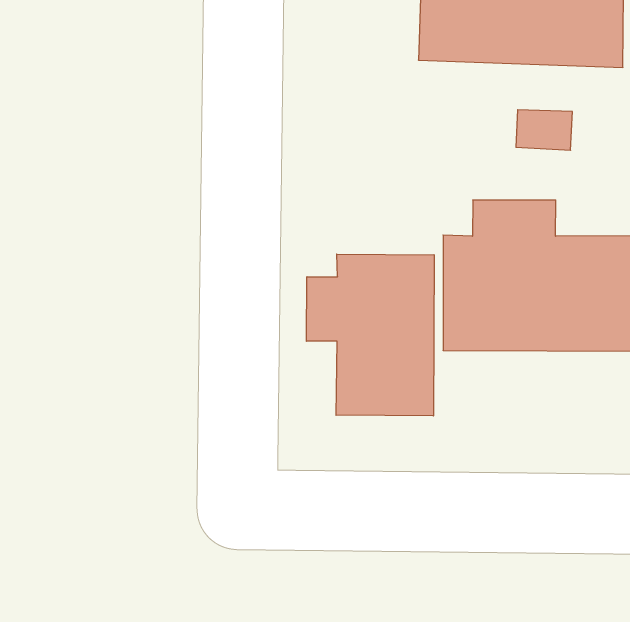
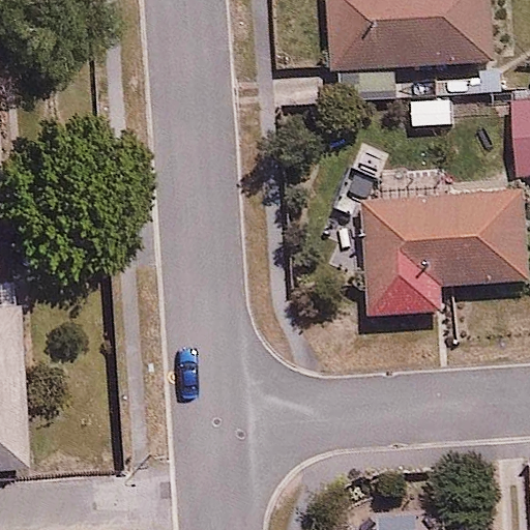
building: [306,254,434,416] -> none

